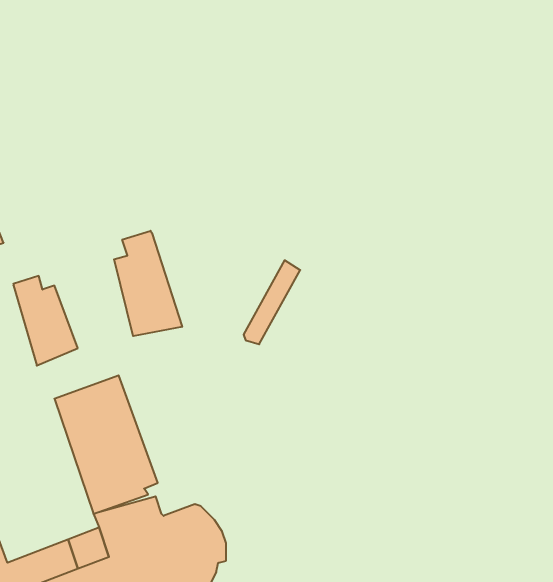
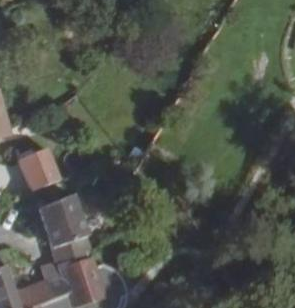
building: [114,231,182,336] -> none

